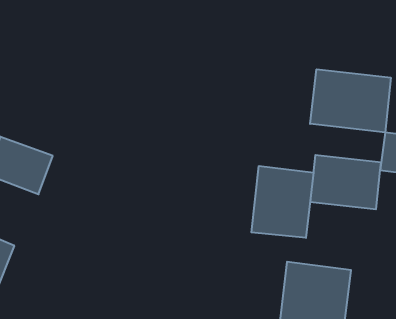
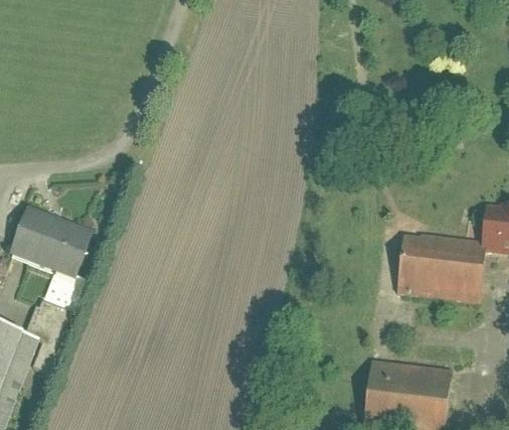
building: [310,69,391,133] -> none
building: [251,166,313,238] -> none

